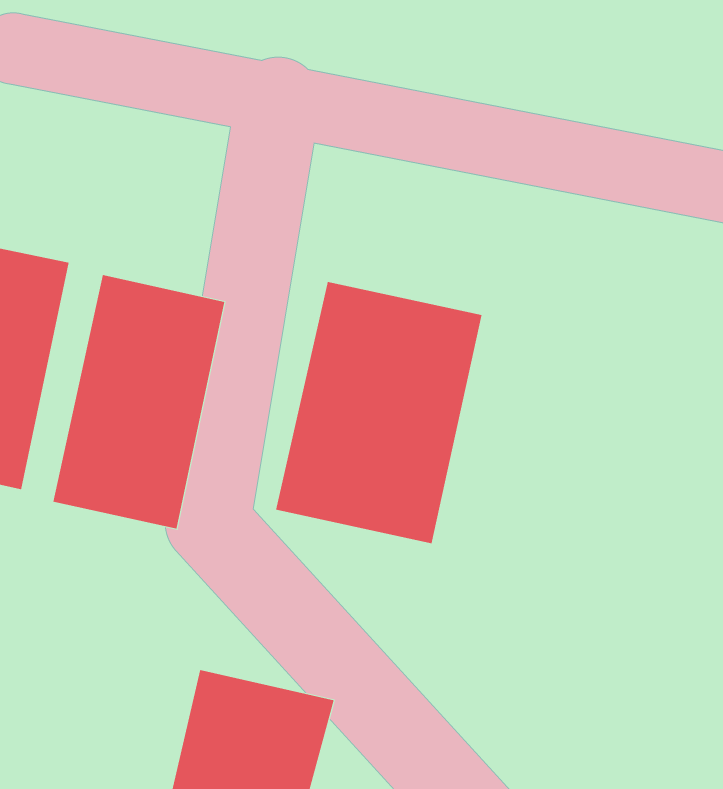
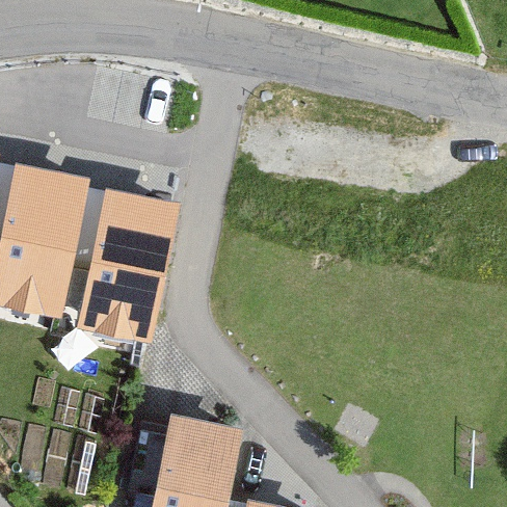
building: [275,281,482,544] -> none

